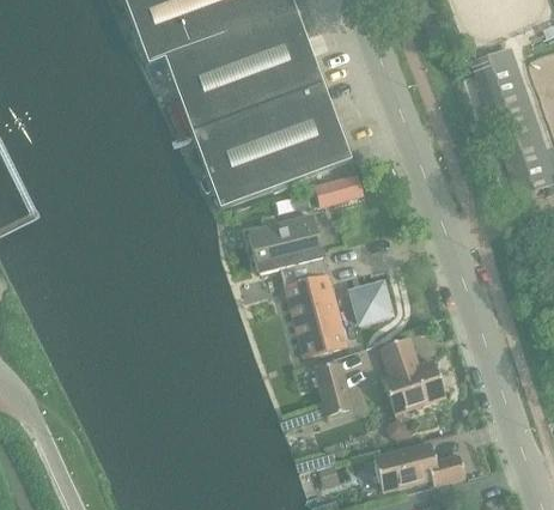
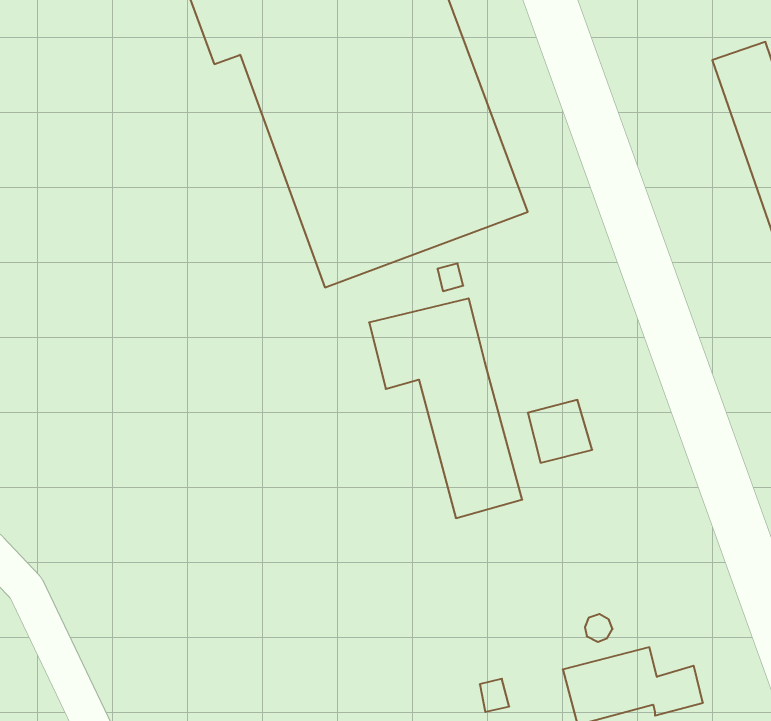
building: [316,172,364,207] -> none
building: [379,336,446,413] -> none
building: [315,362,354,415] -> none

